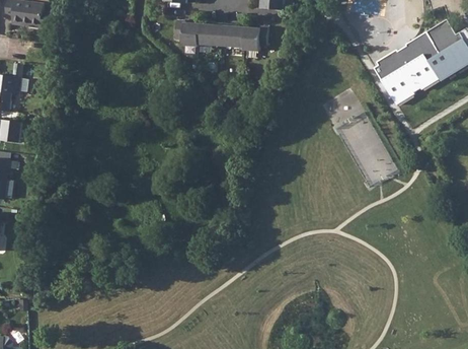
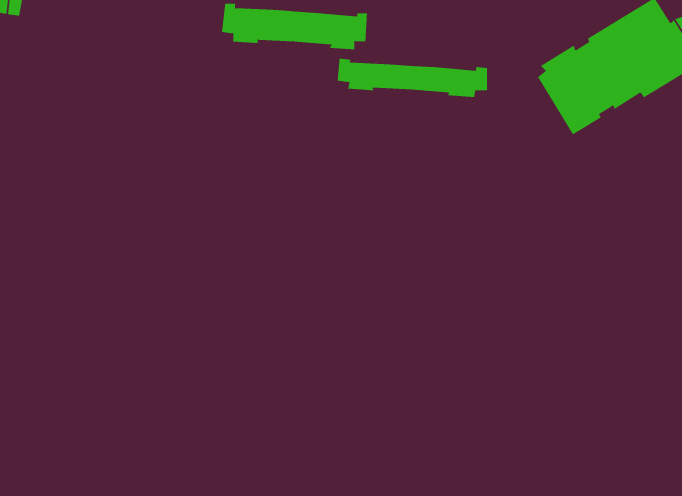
building: none -> [337,58,488,98]

